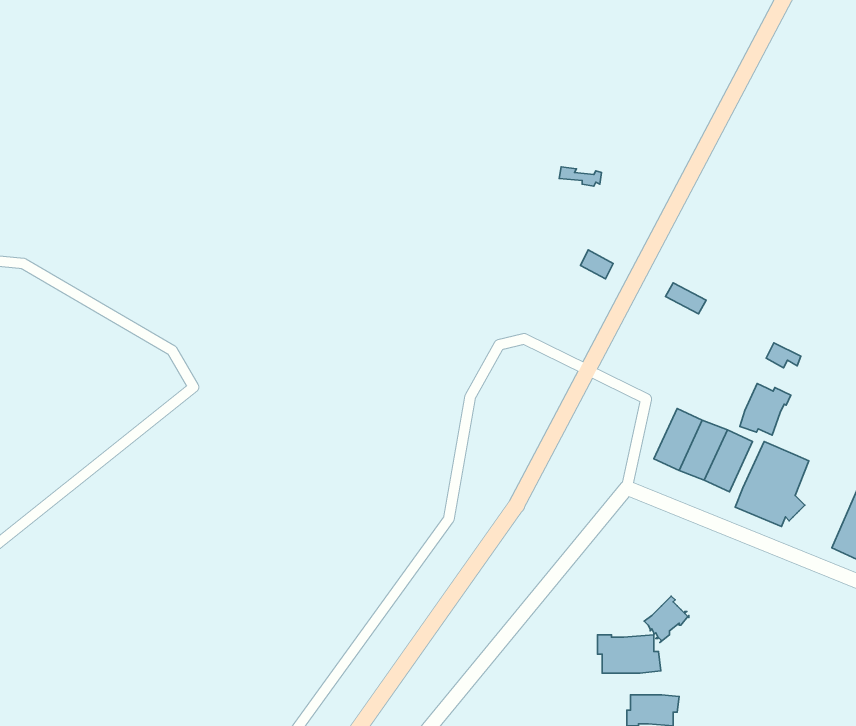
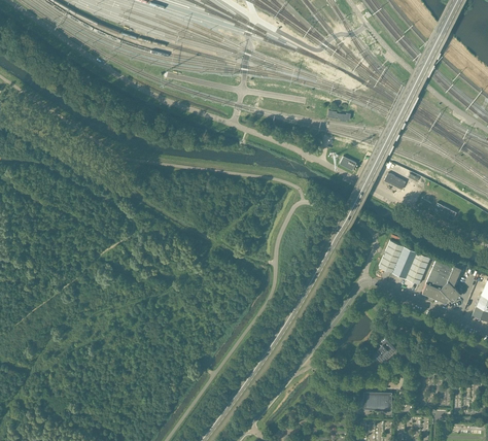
building: [740,384,791,435] -> none
building: [597,635,661,673] -> none

